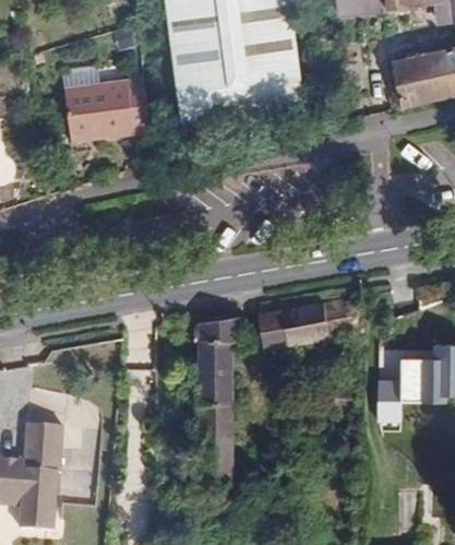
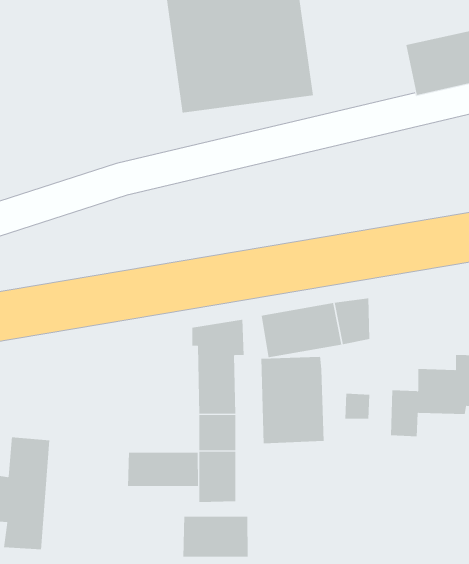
building: [62,75,149,134] -> none
building: none -> [261,356,324,444]
building: none -> [128,452,198,487]
building: none -> [183,516,248,558]

